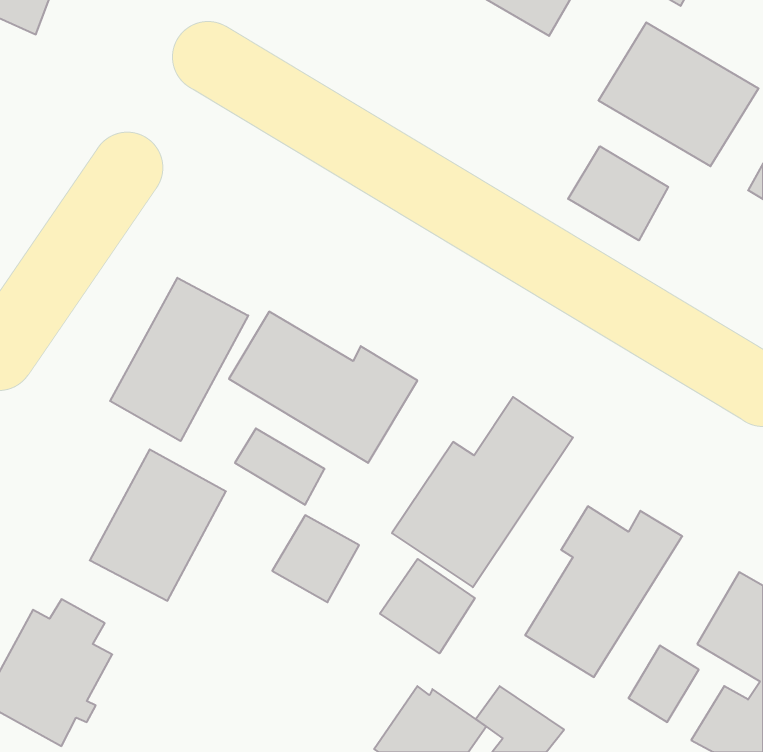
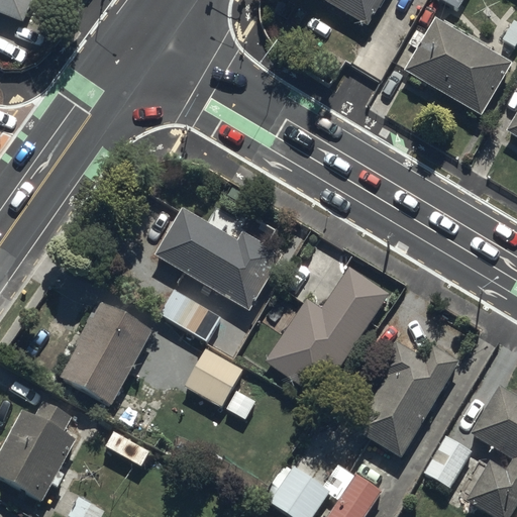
building: [568,146,668,240] -> none
building: [110,278,248,441] -> none
building: [380,559,475,653] -> none

